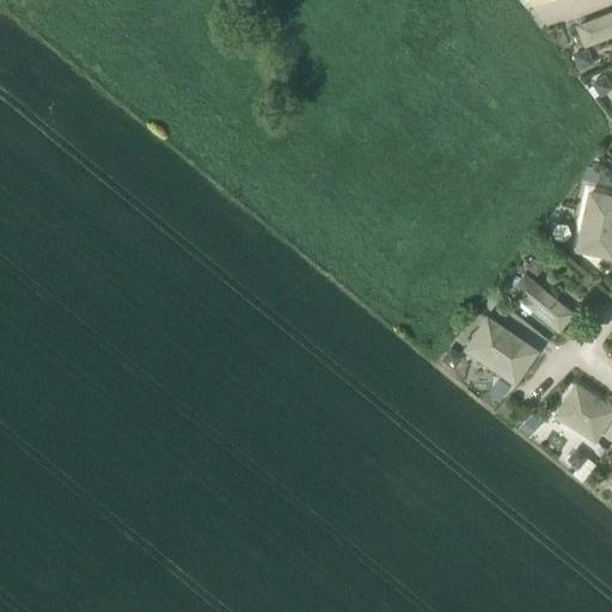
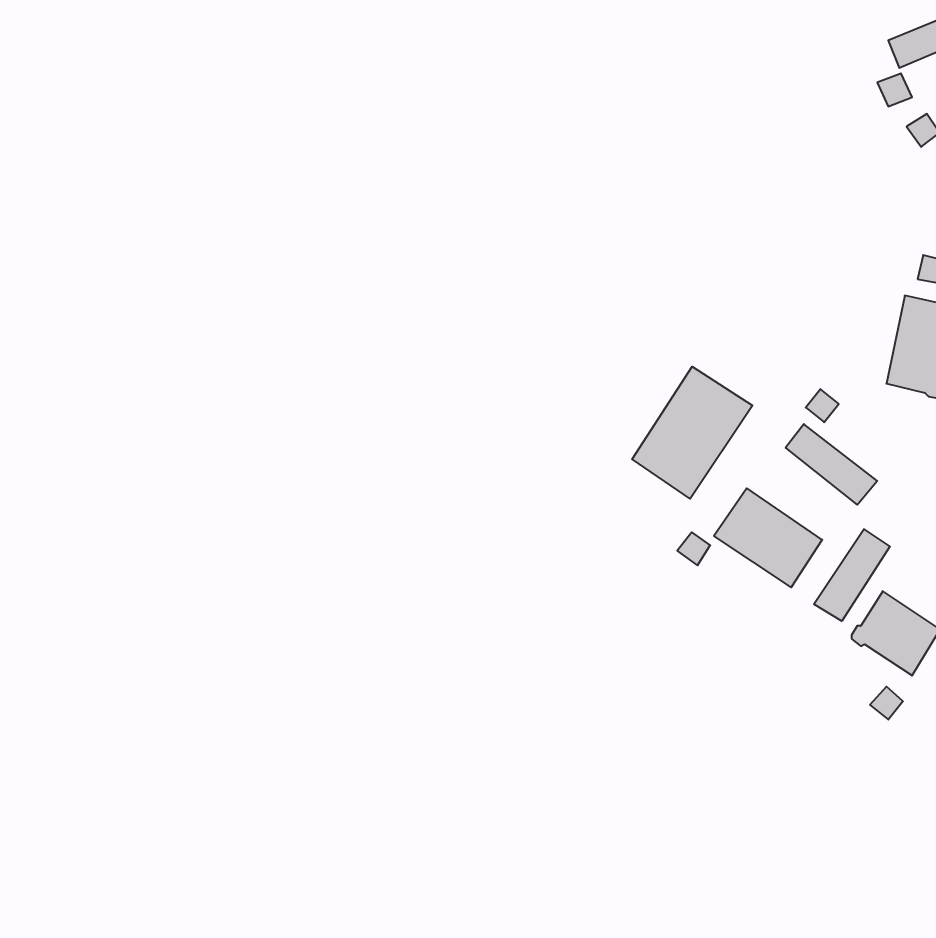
building: none -> [632,367,752,499]
building: none -> [814,529,890,621]

